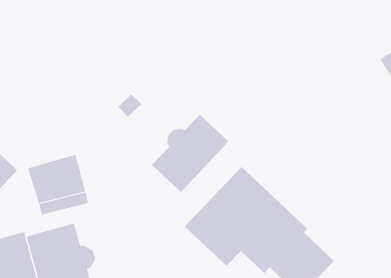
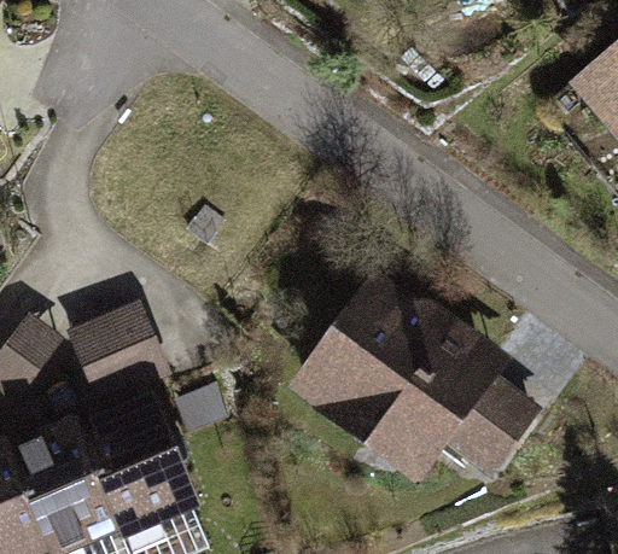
building: [151,114,229,193] -> none

